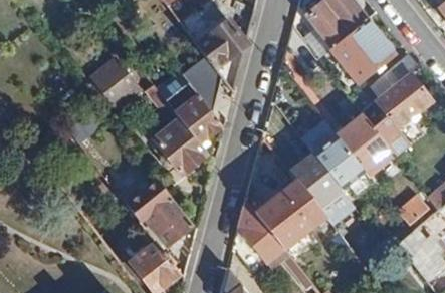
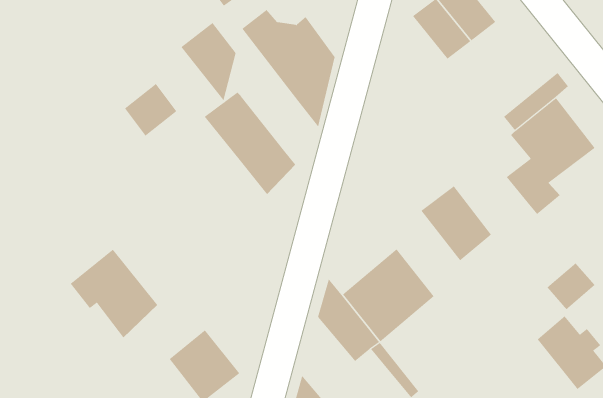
building: [327,18,390,80] -> none
building: [181,53,221,110] -> [181,22,236,102]
building: [333,115,388,171] -> none
building: [153,117,208,174] -> none
building: [286,154,351,224] -> none
building: [129,181,192,245] -> [70,249,158,338]

